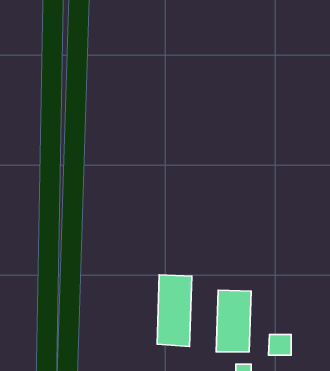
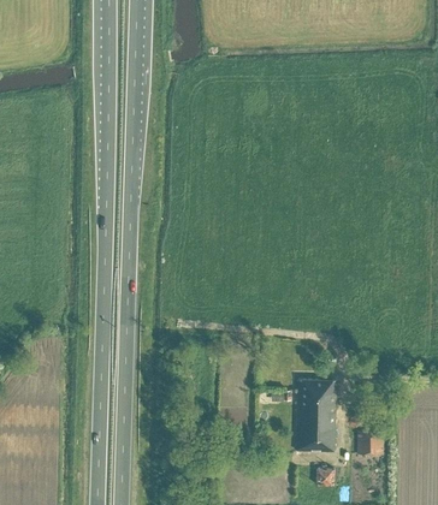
building: [157,275,192,346] -> none

